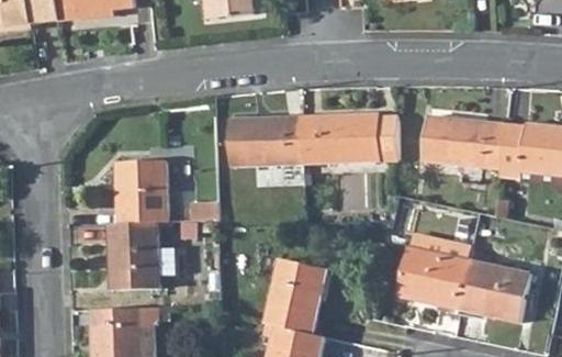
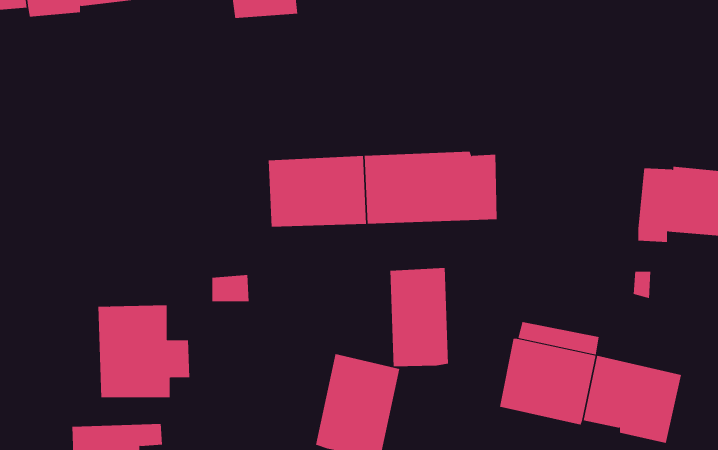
building: [424,116,502,168] -> none
building: [115,159,168,224] -> none
building: none -> [390,267,448,367]

